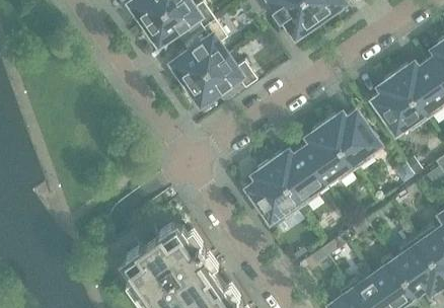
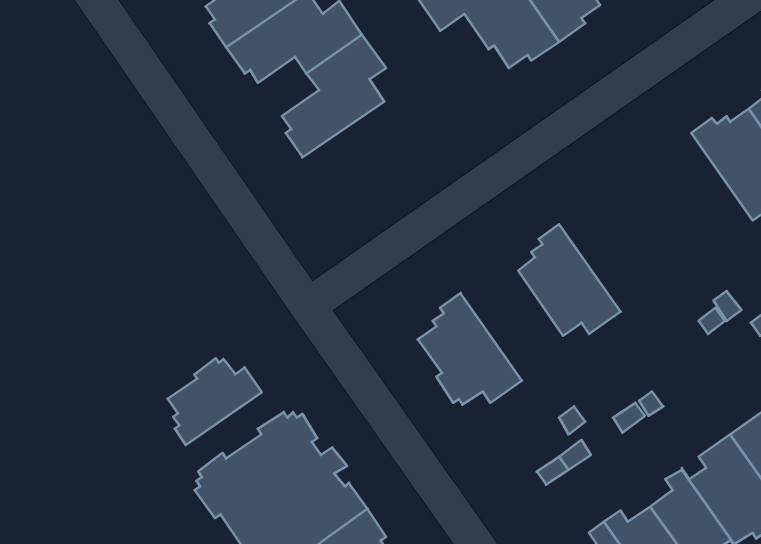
building: [181,56,256,104] -> none
building: [370,73,427,134] -> none
building: [321,109,378,170] -> none
building: [268,148,323,208] -> none
building: none -> [168,358,262,445]

